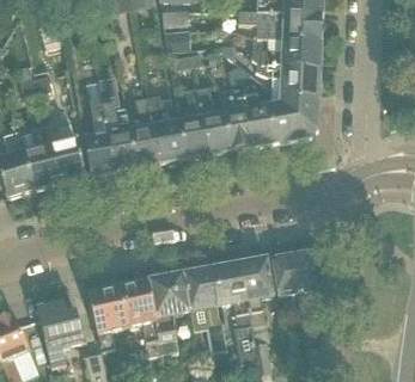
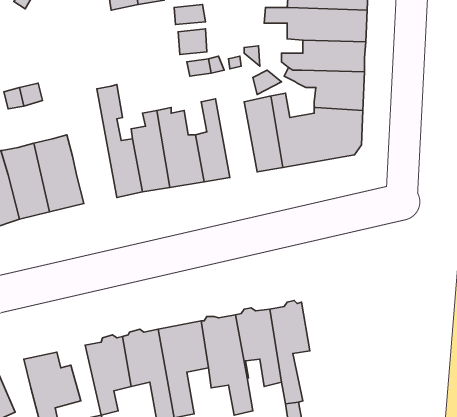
building: [79,79,114,173] -> none
building: [196,85,231,153] -> none
building: [273,249,321,315] -> none

